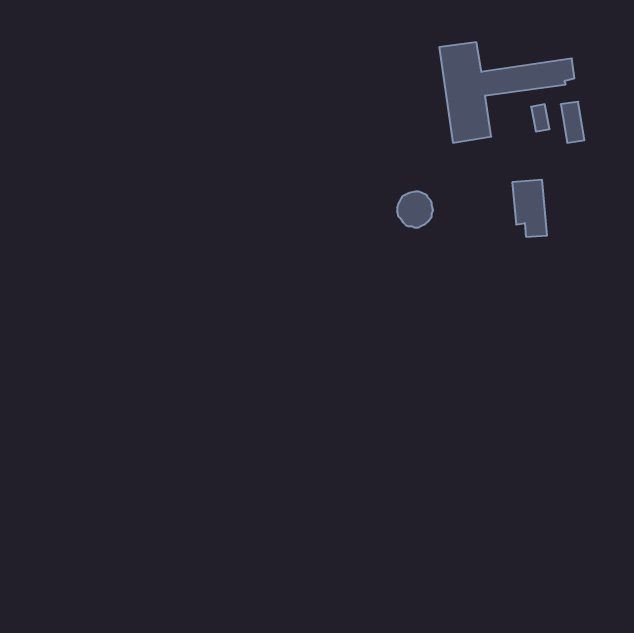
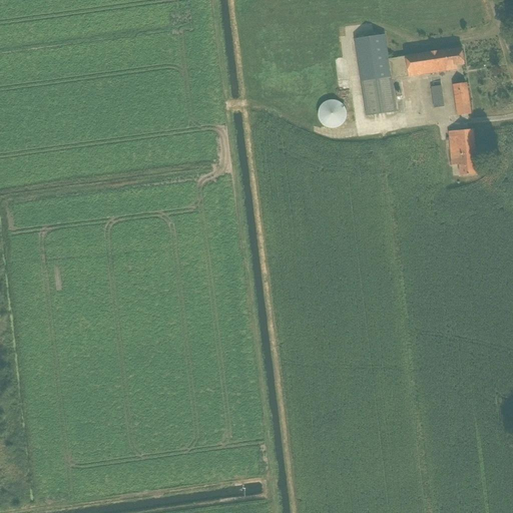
building: [512,180,547,237] -> [449,128,477,174]
building: [397,192,433,228] -> [318,99,347,128]

